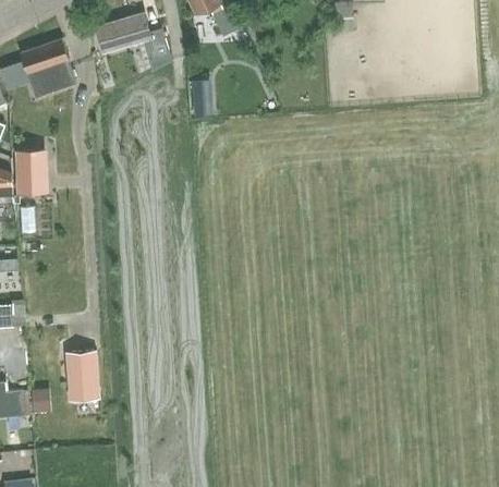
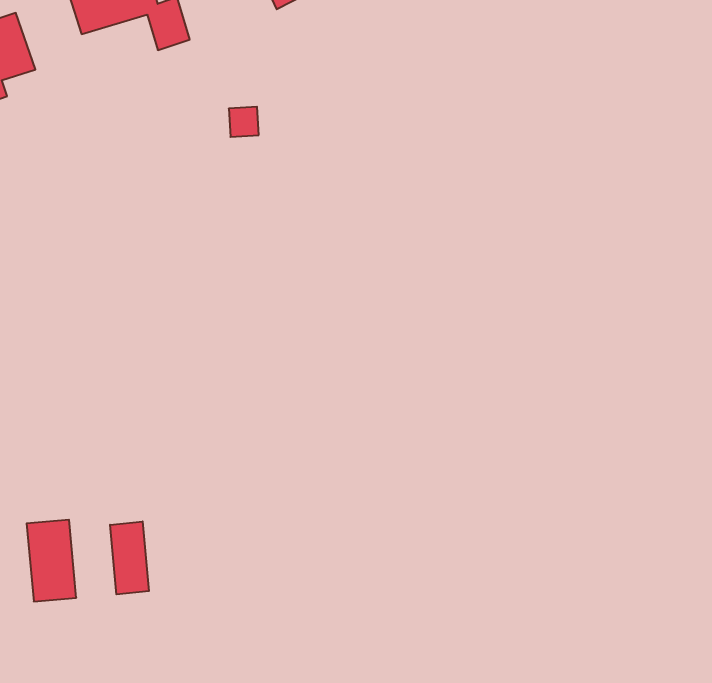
building: none -> [110,521,149,594]

